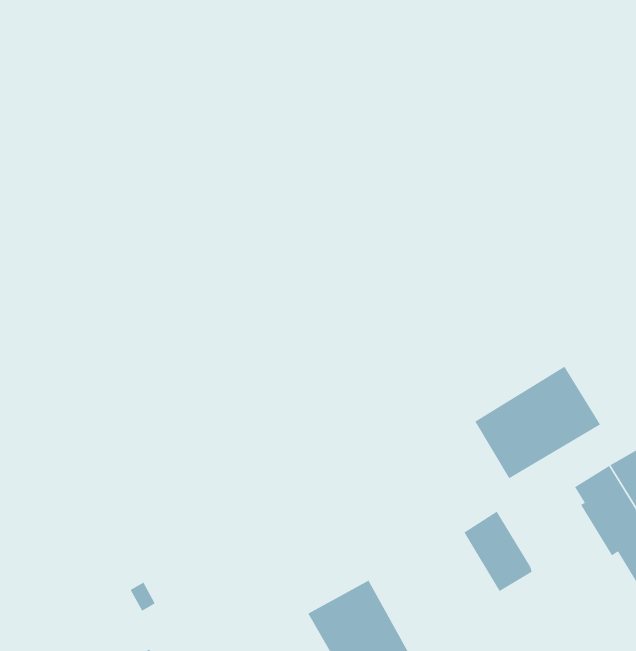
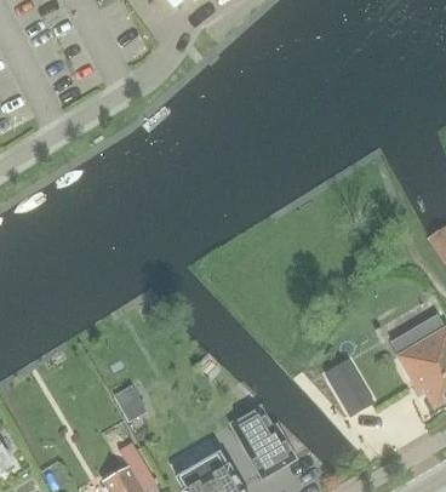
building: [474,366,601,479] -> none

